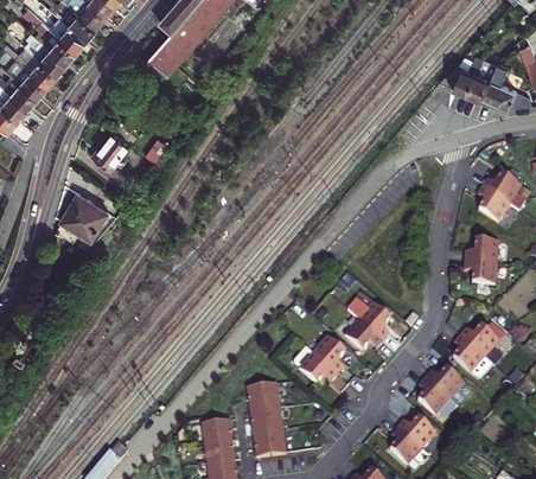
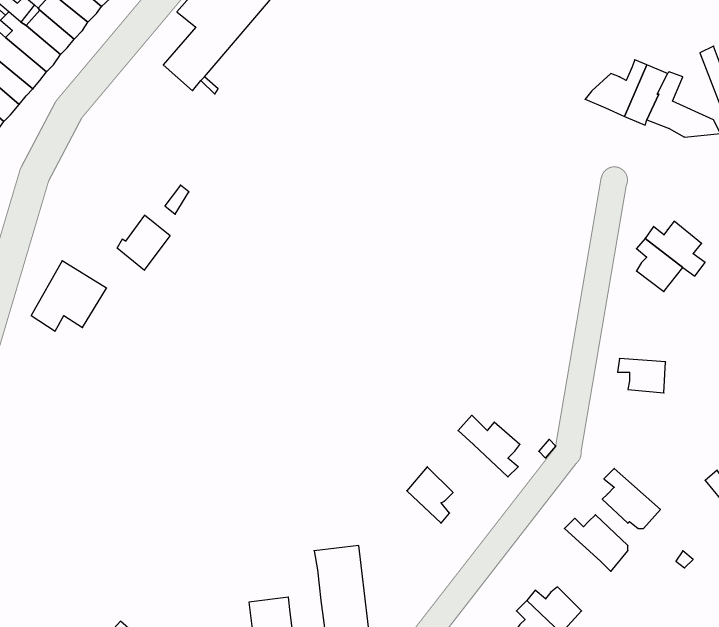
building: [91,133,128,171] -> [117,215,170,270]
building: [462,241,497,264] -> none
building: [347,321,385,353] -> none
building: [459,325,504,368] -> none
building: [296,346,339,385] -> none
building: [416,379,449,419] -> none

